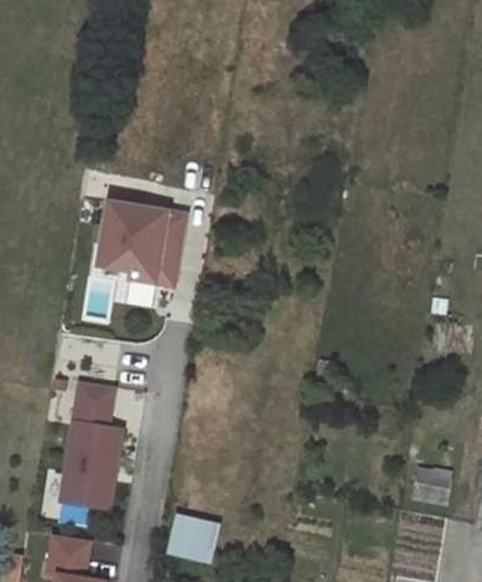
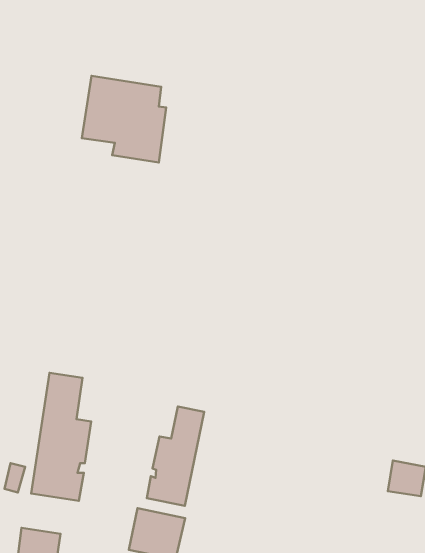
building: [99,200,182,285] -> [82,76,166,163]
building: none -> [147,406,204,506]

